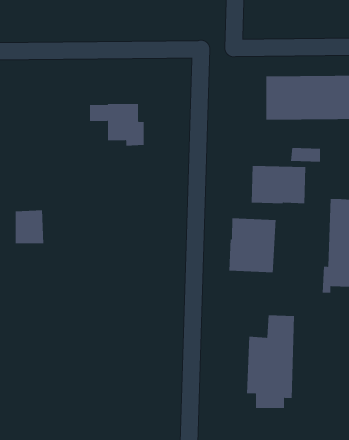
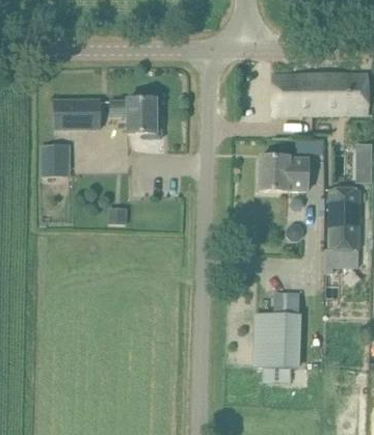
building: none -> [54,98,100,128]
building: [15,210,44,244] -> [42,143,69,174]
building: [229,217,276,273] -> none

